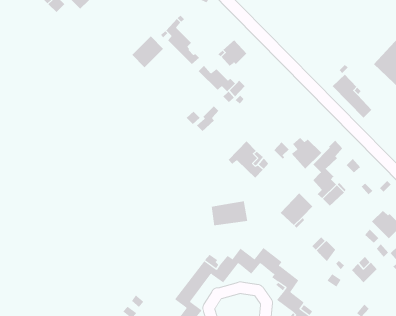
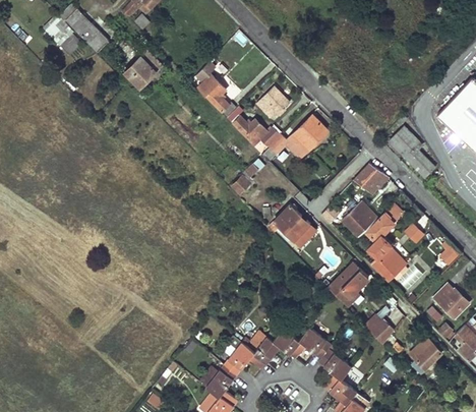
building: [131,36,164,68] -> [125,50,163,87]
building: none -> [291,115,329,150]
building: none -> [354,164,389,195]
building: [211,201,248,226] -> none

